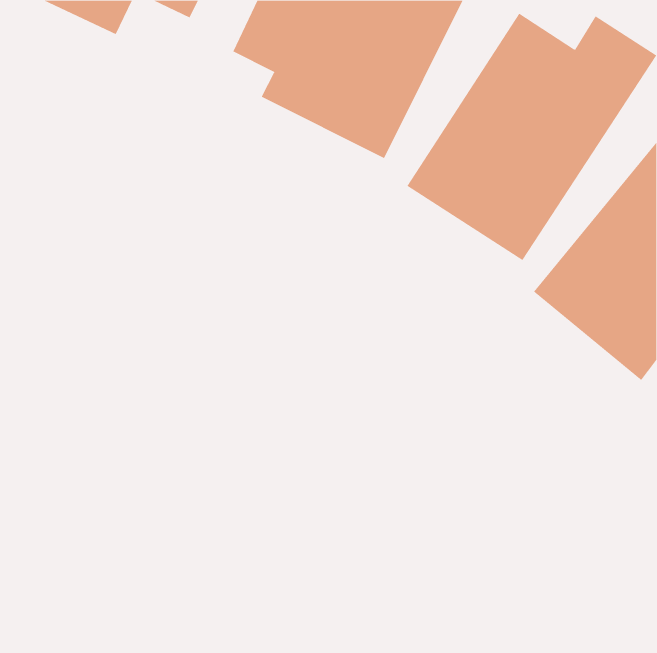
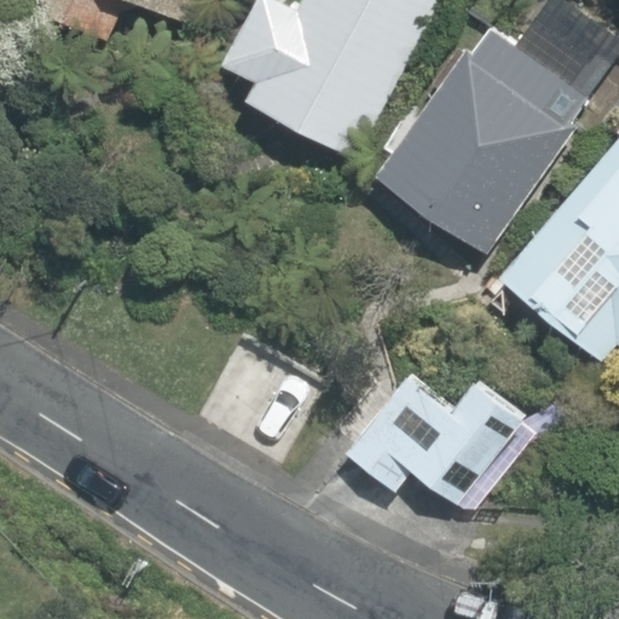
building: none -> [337,366,562,528]

